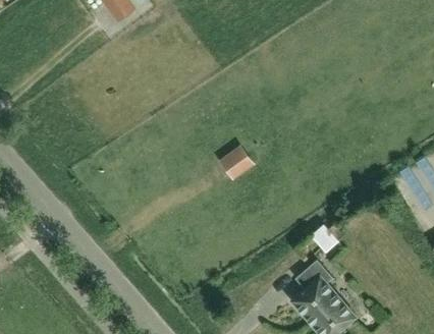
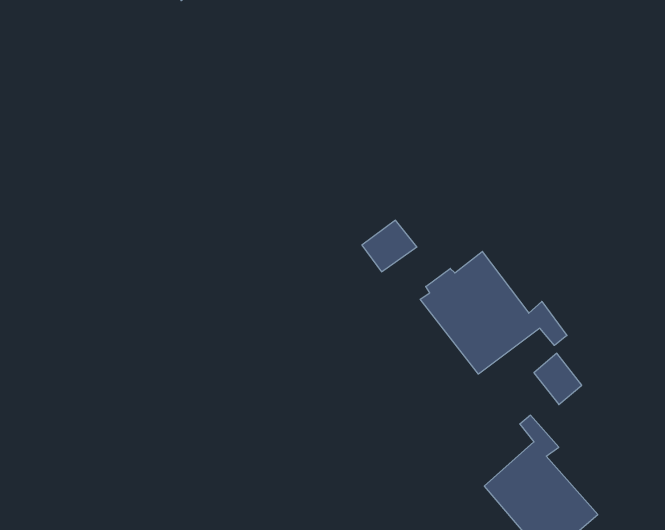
building: none -> [420,251,567,374]

